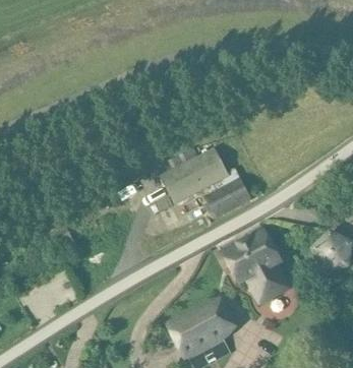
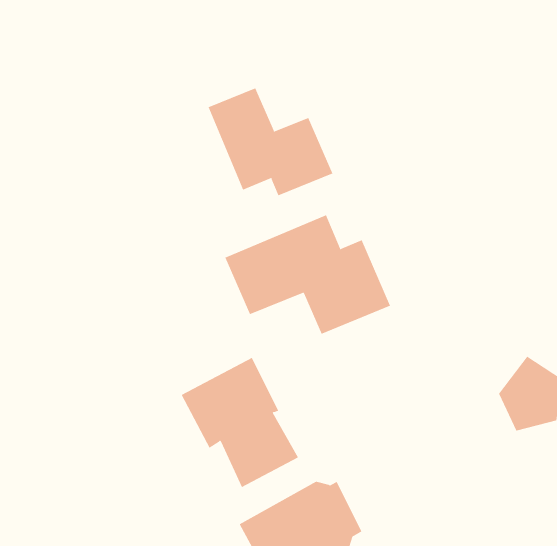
building: none -> [208,88,333,196]
building: [224,232,291,306] -> [181,357,299,488]

